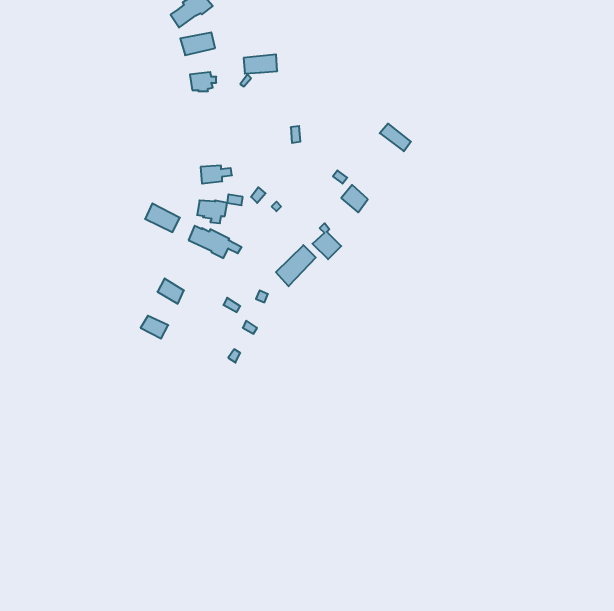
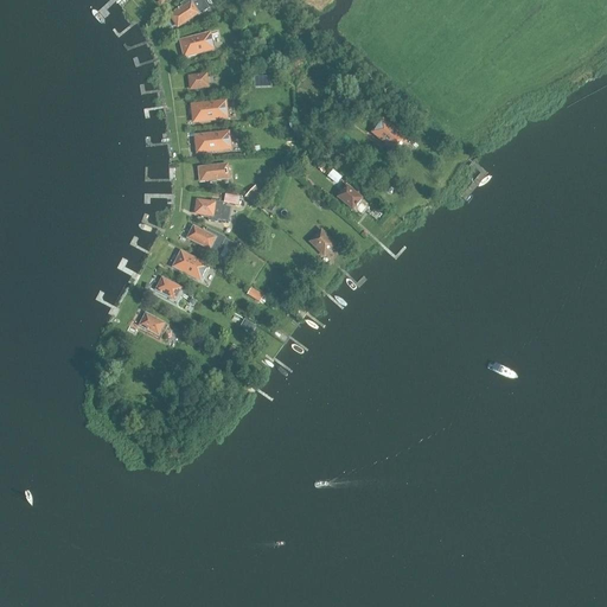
building: [244,54,277,74] -> [192,102,225,121]
building: none -> [194,132,228,151]
building: [145,203,180,232] -> [170,248,204,276]
building: [276,245,316,286] -> none

